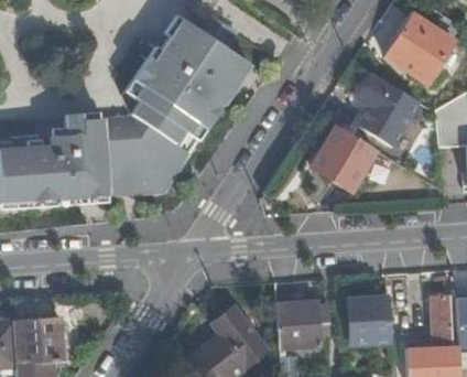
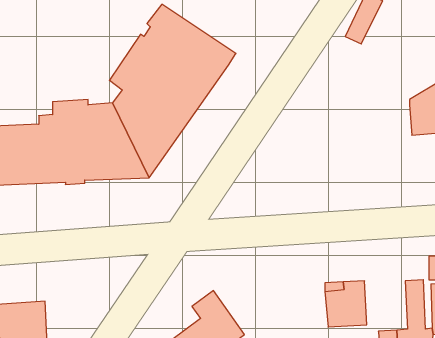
building: [389,20,454,85] -> none
building: [356,77,419,148] -> none
building: [309,129,373,191] -> none
building: [276,304,318,349] -> none

